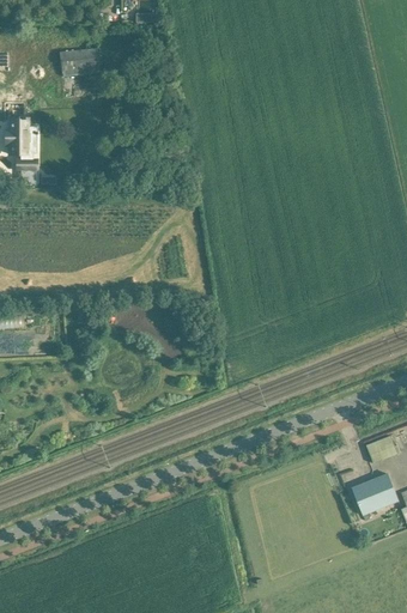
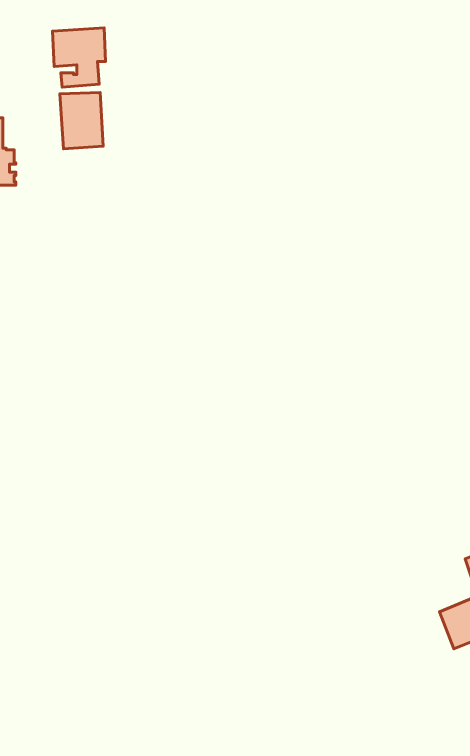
building: none -> [60,93,103,149]

